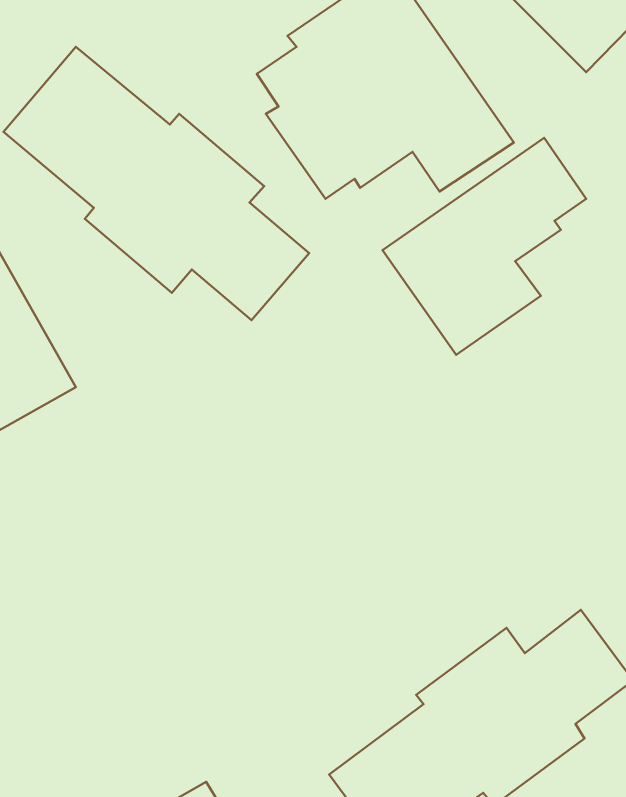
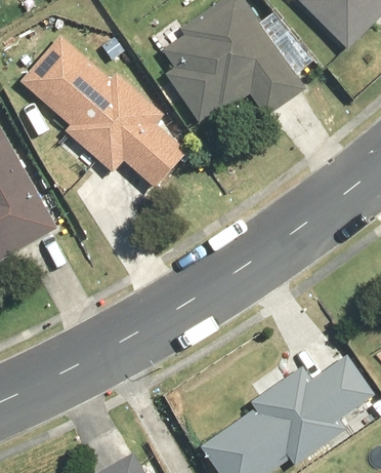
building: [383,138,586,355] -> none

